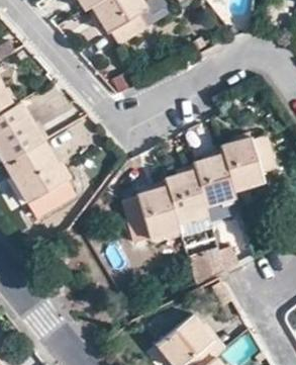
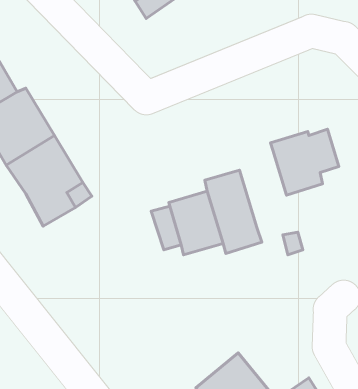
building: [193,153,238,215] -> none

